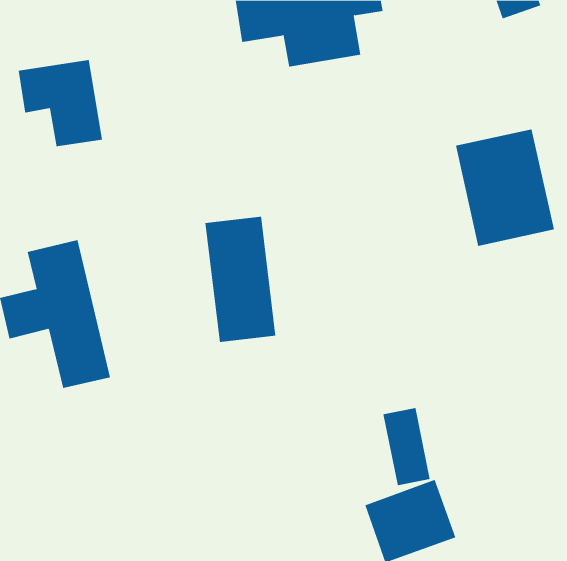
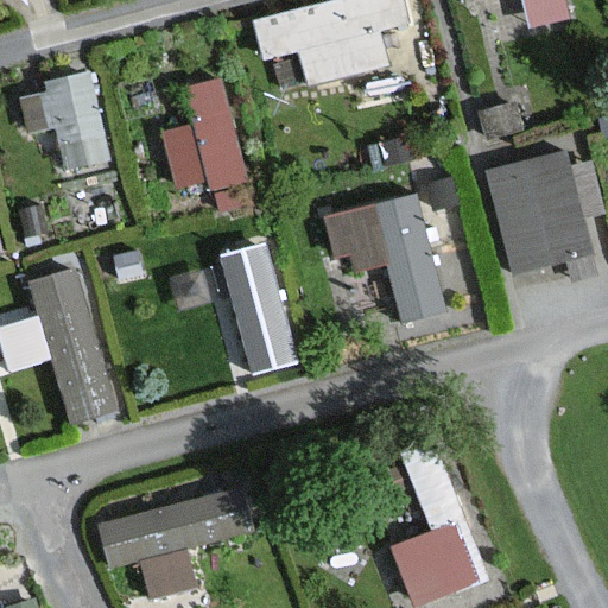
building: none -> [159,76,249,195]
building: none -> [327,191,448,324]
building: none -> [93,480,256,597]

